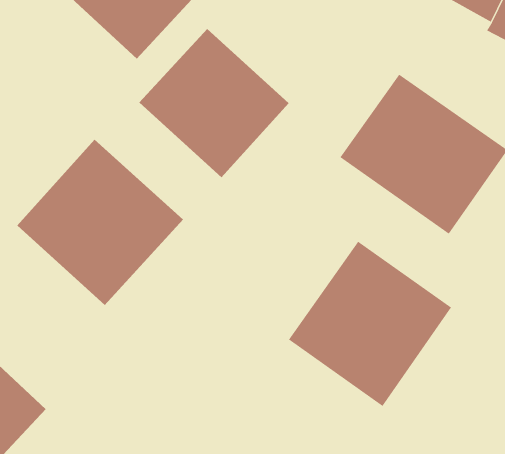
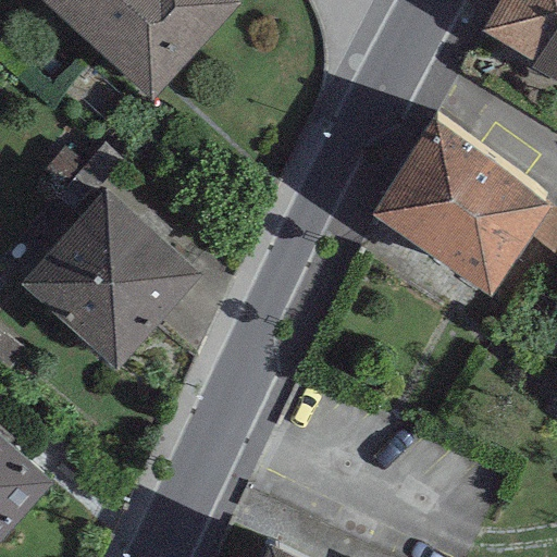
building: [139,28,290,178] -> none
building: [288,241,452,407] -> none

